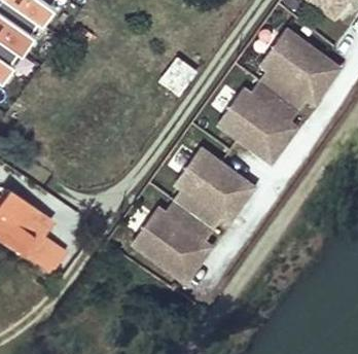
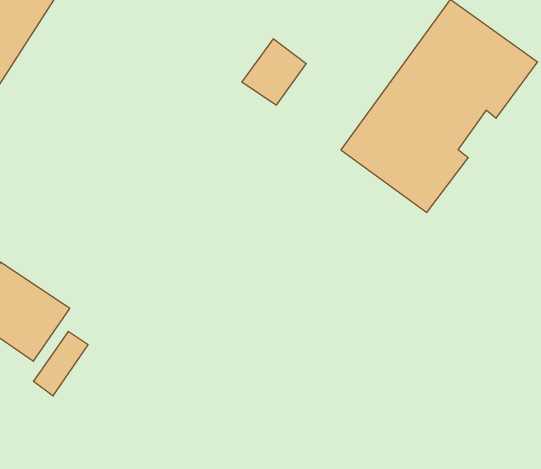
building: [132,148,254,282] -> none

